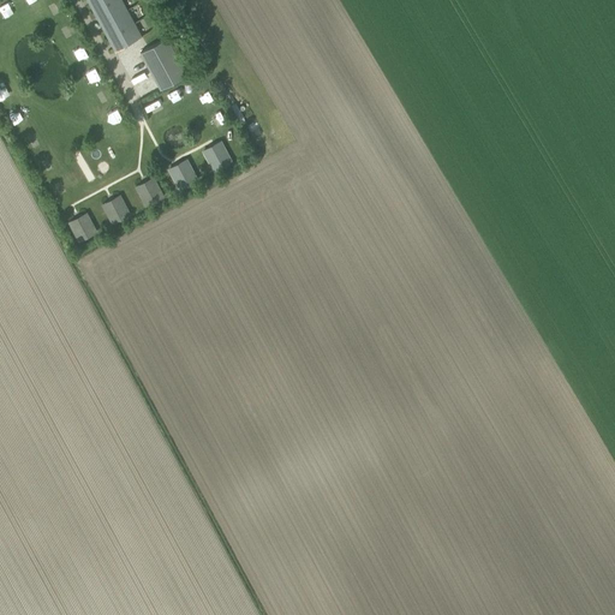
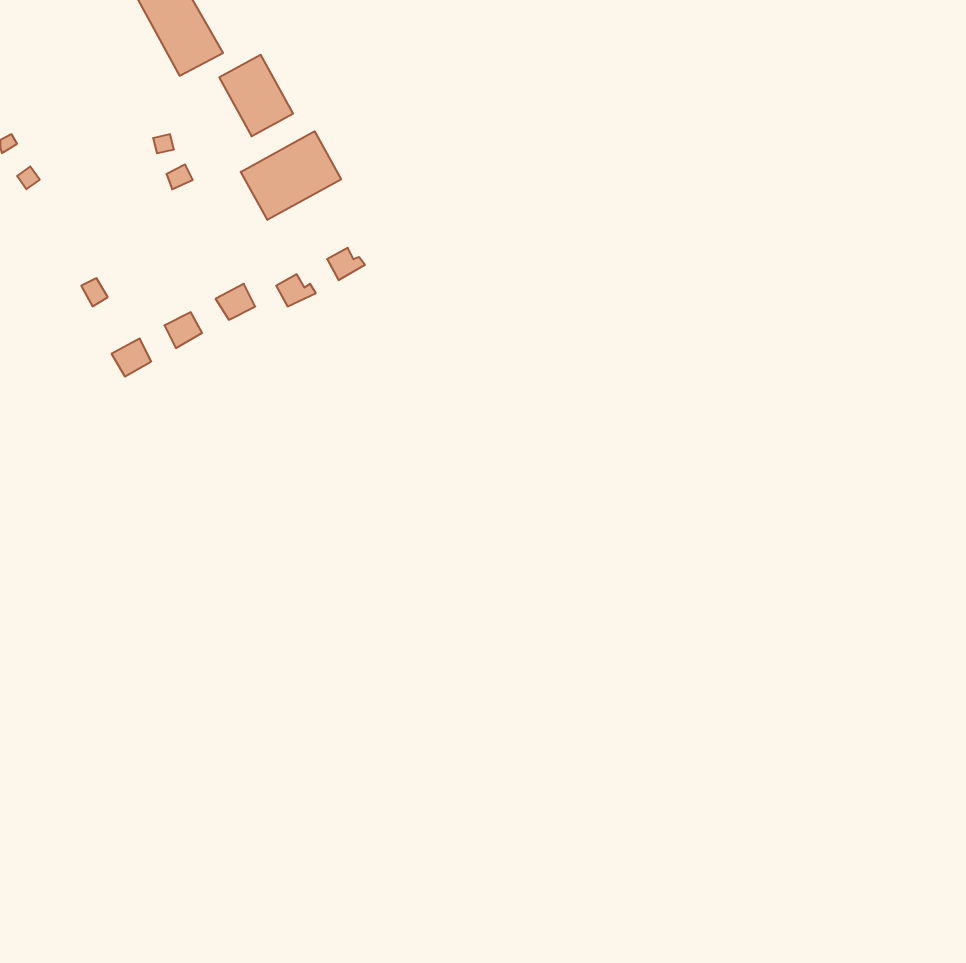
building: none -> [241,131,341,220]

